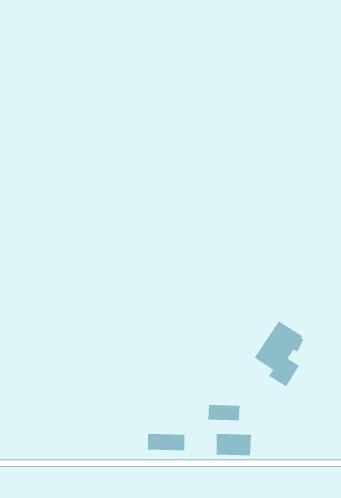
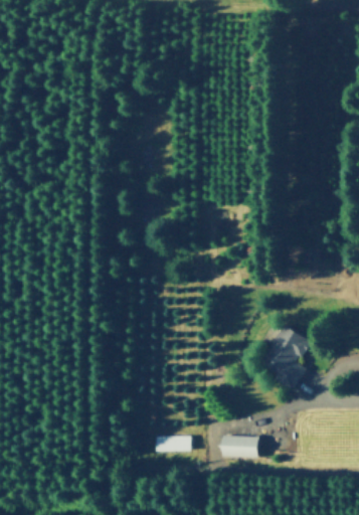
building: [208,404,240,421] -> none

